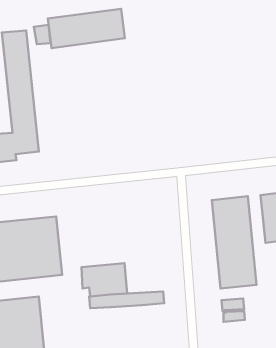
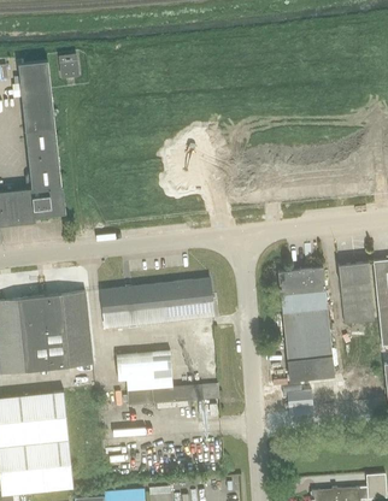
building: [48,9,125,48] -> none
building: none -> [101,278,214,326]

